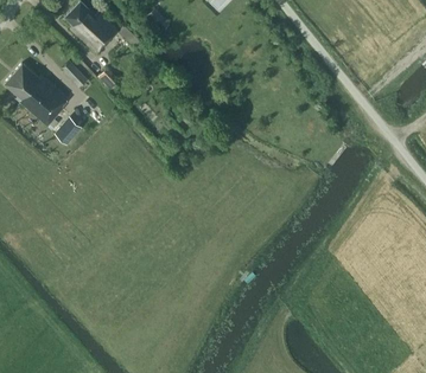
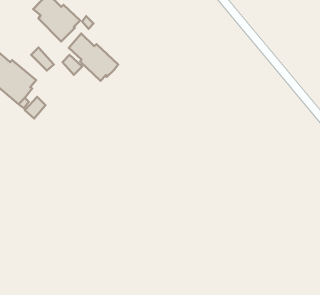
building: none -> [69,34,118,81]

